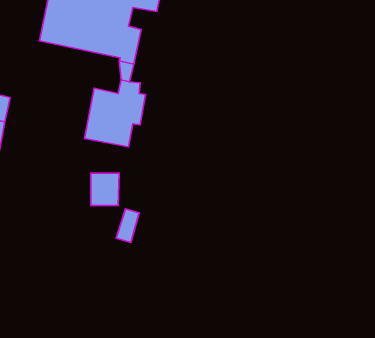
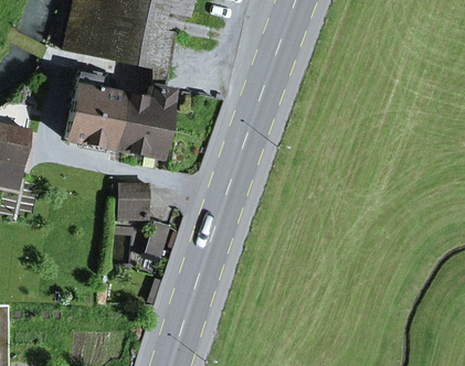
building: none -> [67,69,124,149]

